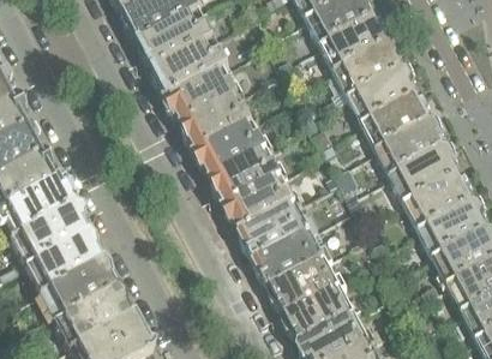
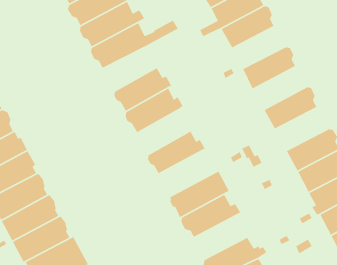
building: [335,40,404,95] -> none
building: [164,66,244,124] -> none
building: [361,91,432,148] -> none
building: [390,144,460,201] -> none
building: [211,146,287,205] -> none
building: [239,199,318,259] -> none
building: [283,283,361,340] -> none

